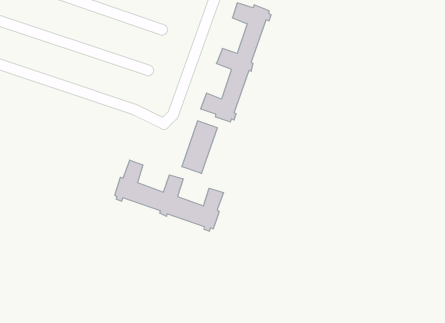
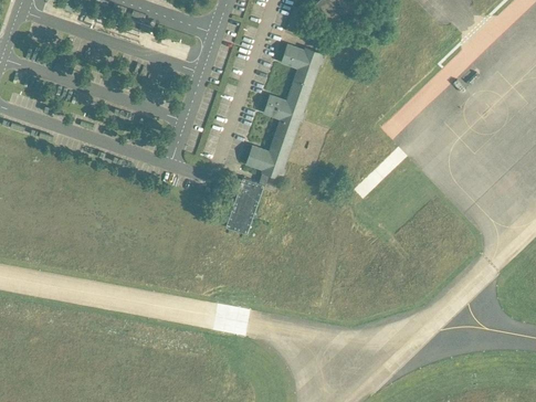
building: [115,160,223,231] -> none

